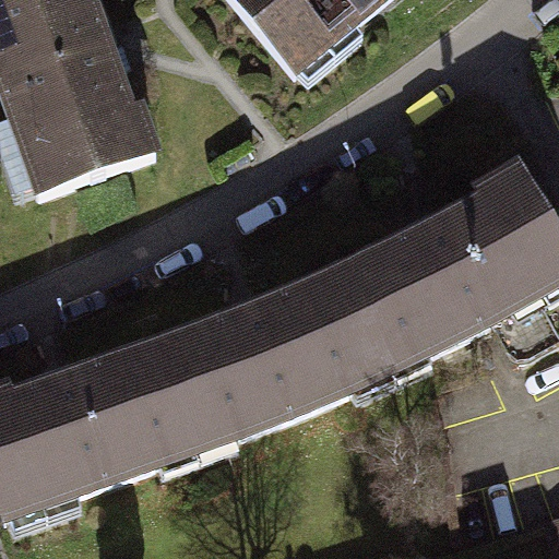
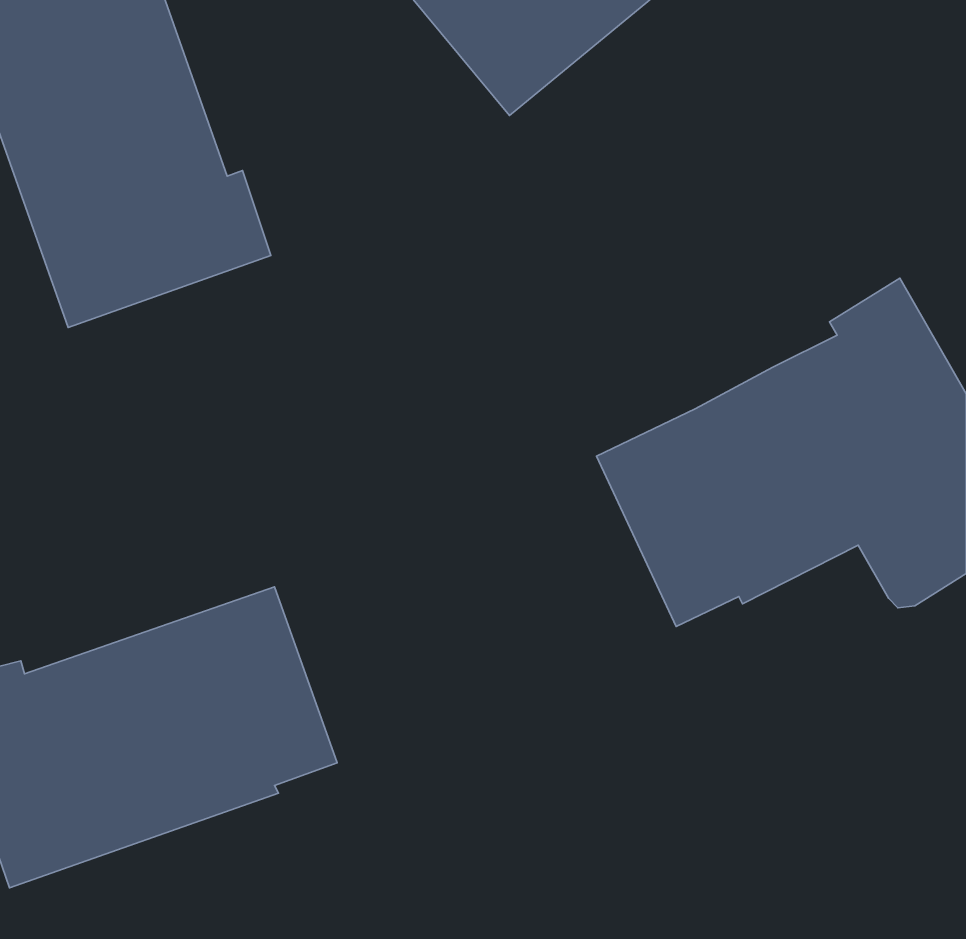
building: [158,263,390,440] -> none

